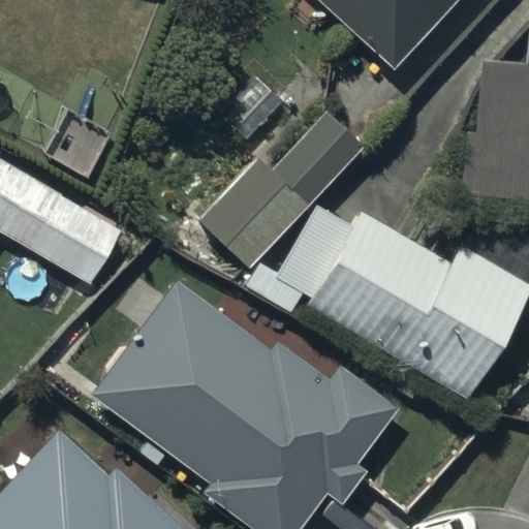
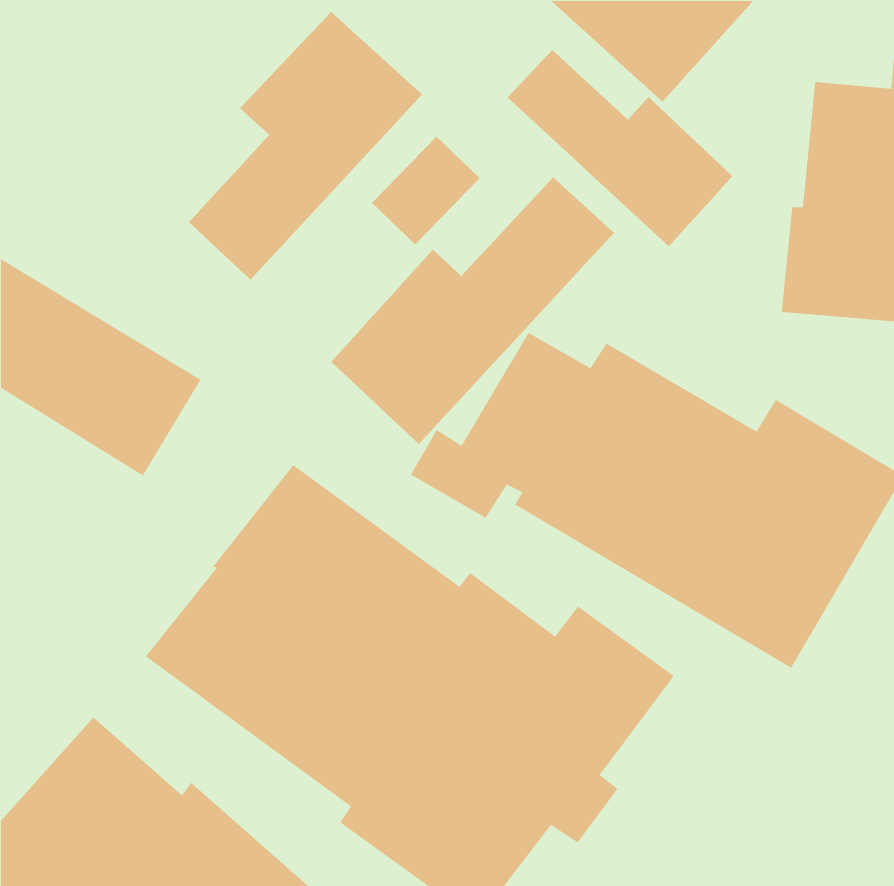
building: none -> [188,11,423,280]
building: none -> [507,49,733,247]

